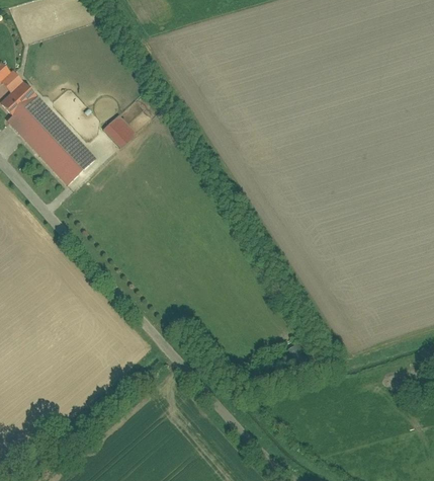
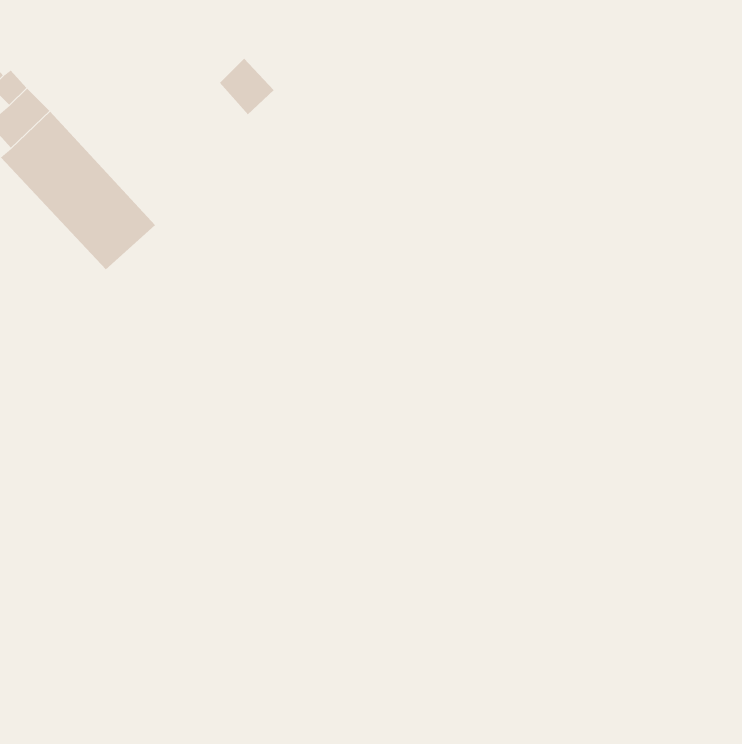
building: [105,113,137,146] -> [219,58,275,115]

